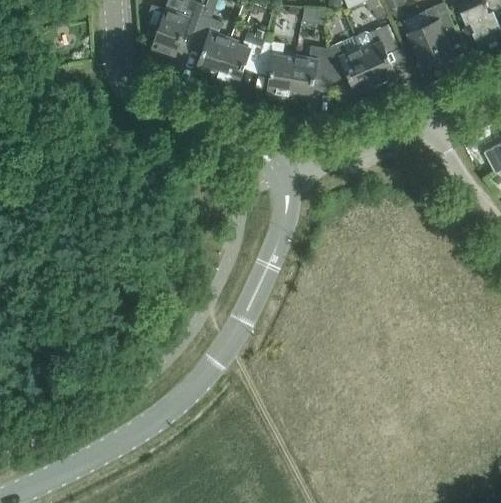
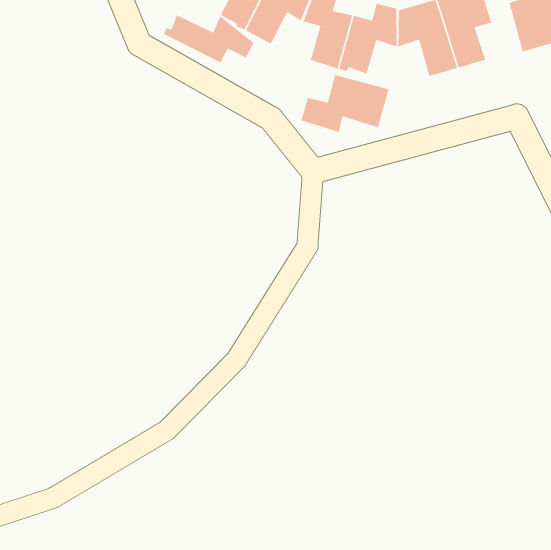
building: none -> [163,14,255,63]
building: none -> [301,74,389,133]

